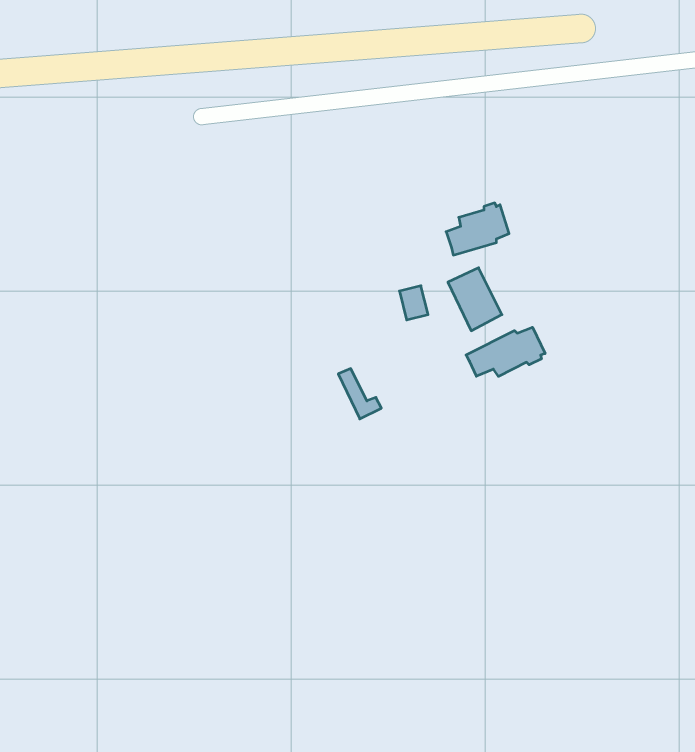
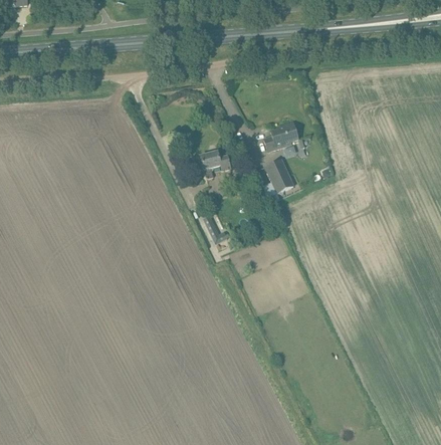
building: none -> [200,149,231,176]
building: [466,327,545,376] -> none

